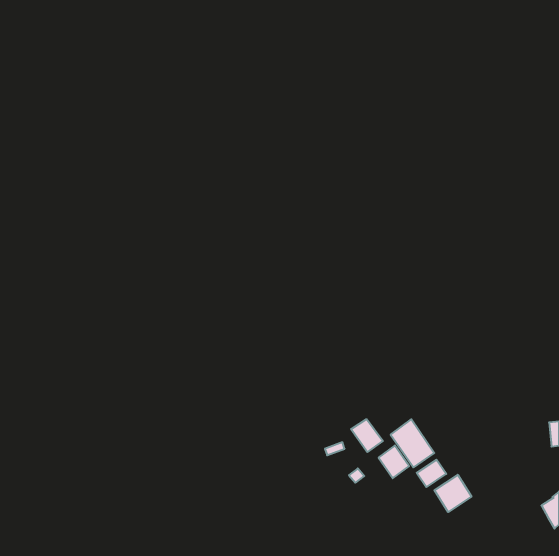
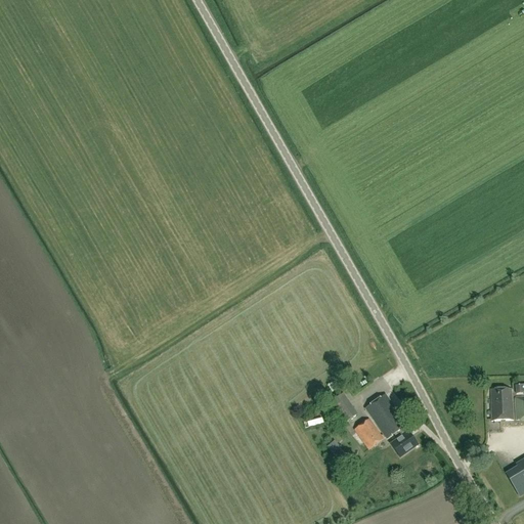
building: none -> [490,387,514,419]
building: [434,475,471,512] -> none

